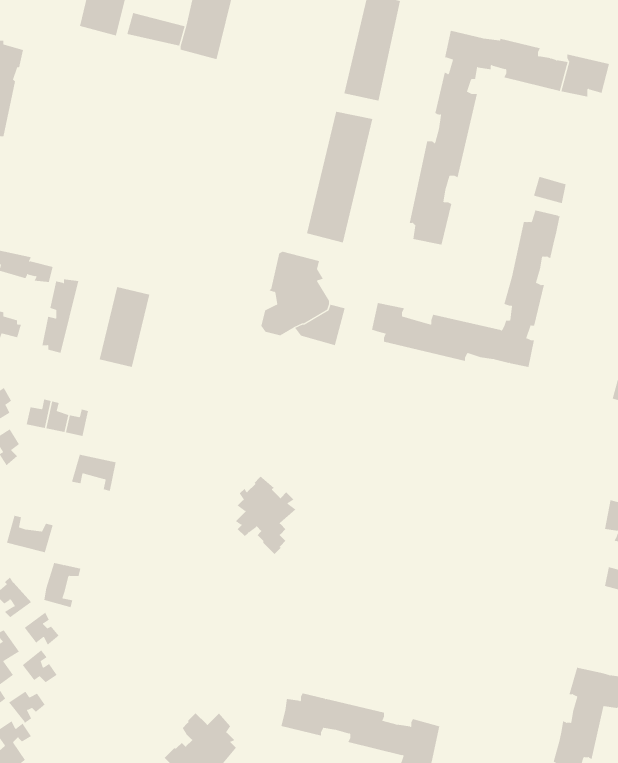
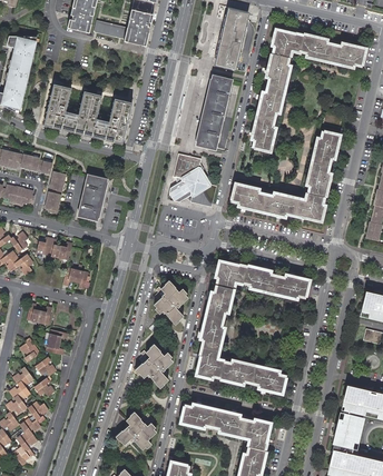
building: none -> [43,82,132,142]
building: none -> [196,260,308,393]
building: none -> [134,346,173,391]

